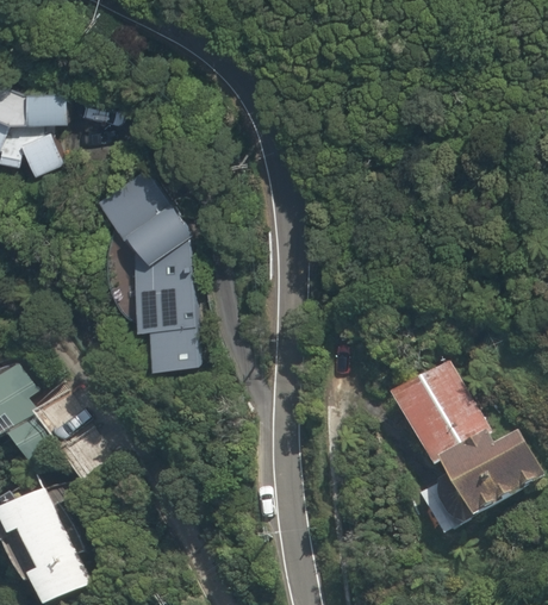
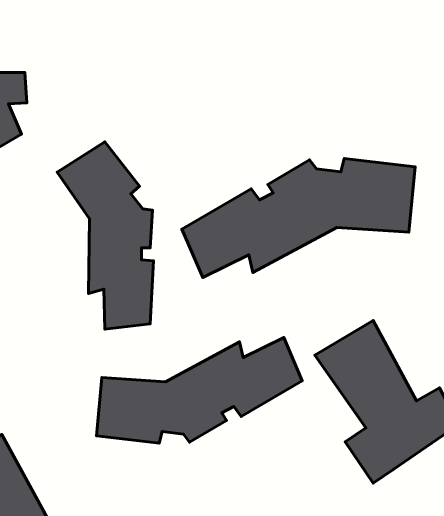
building: none -> [182,159,415,278]
building: none -> [97,338,302,443]

